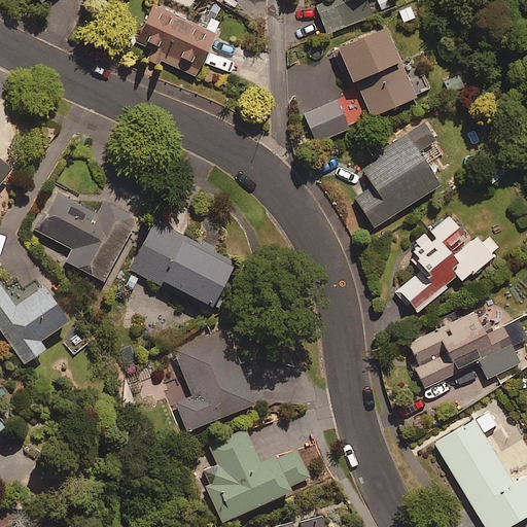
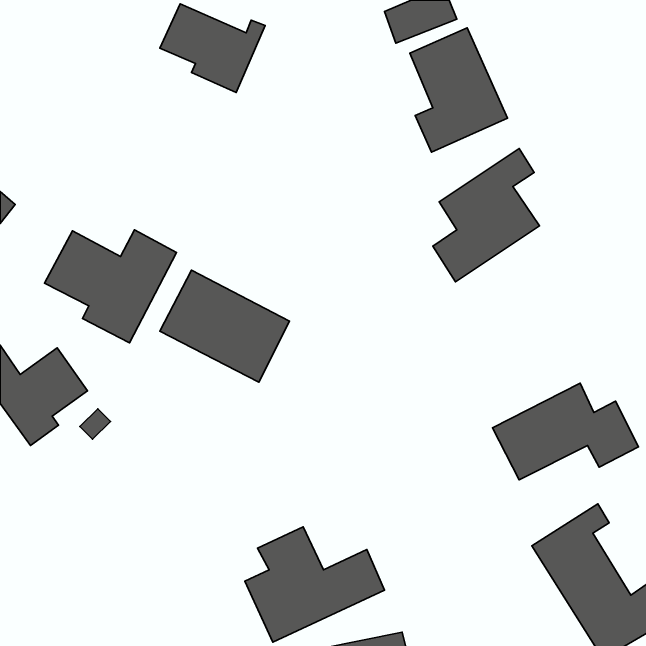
building: [304,102,348,144] -> none
building: [398,214,492,313] -> none
building: [167,329,258,433] -> none

